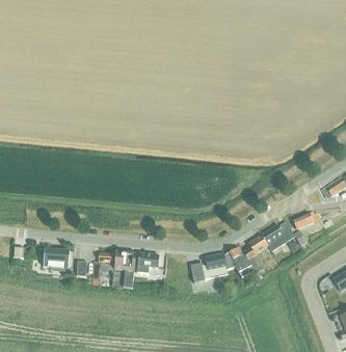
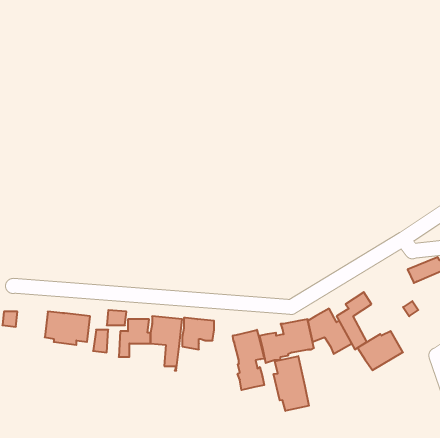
building: [262,223,293,250] -> [357,331,403,370]
building: none -> [233,330,265,390]
building: none -> [274,356,309,411]

